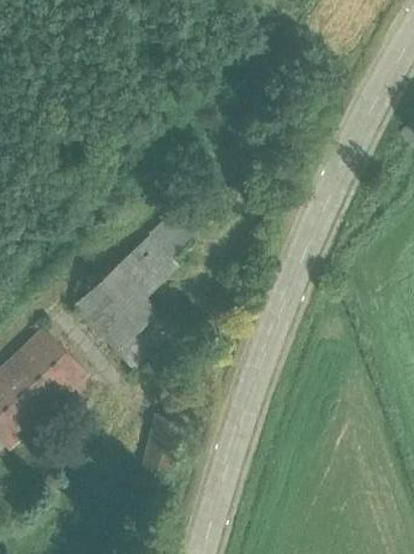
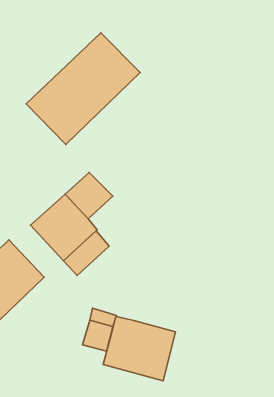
building: none -> [26,33,140,144]
building: [145,201,204,258] -> none
building: none -> [103,317,175,381]

